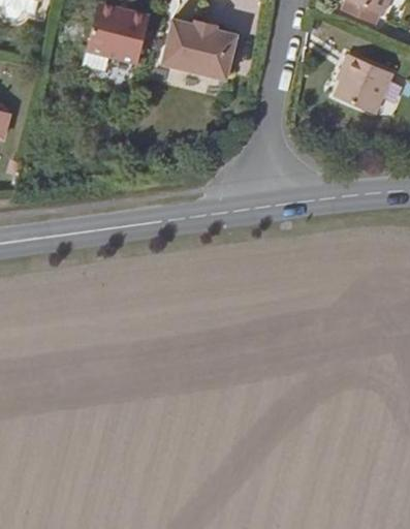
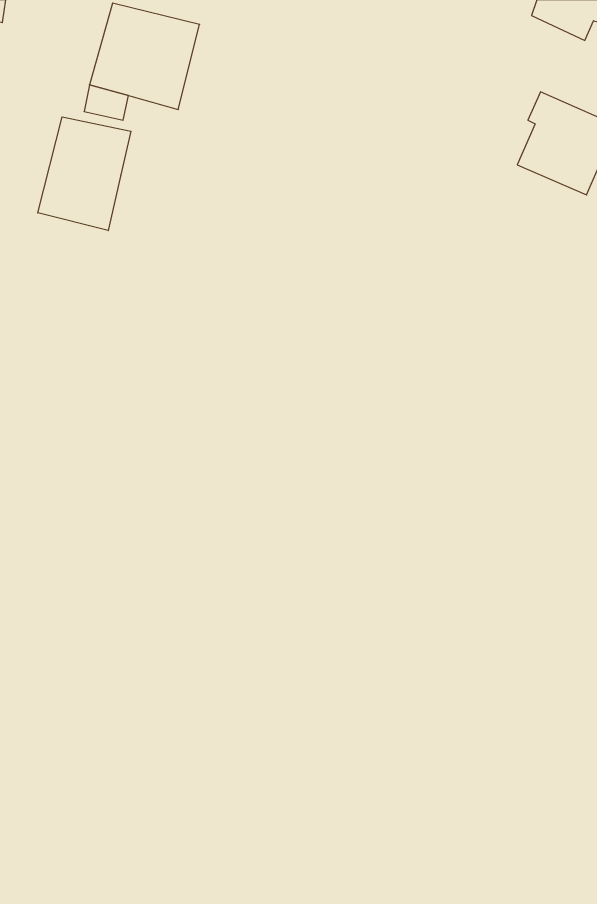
building: [162,19,239,80] -> none
building: none -> [38,117,131,231]

